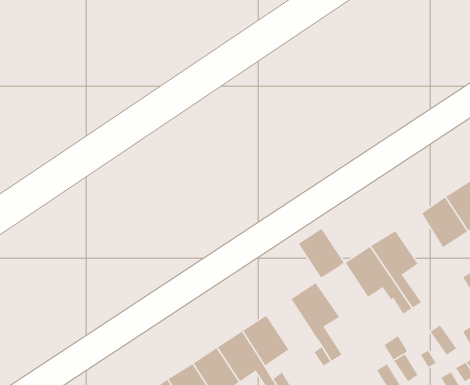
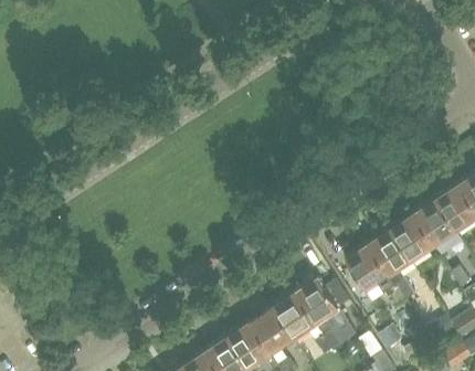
building: none -> [391,213,434,259]
building: [298,228,345,278] -> [273,292,316,338]

